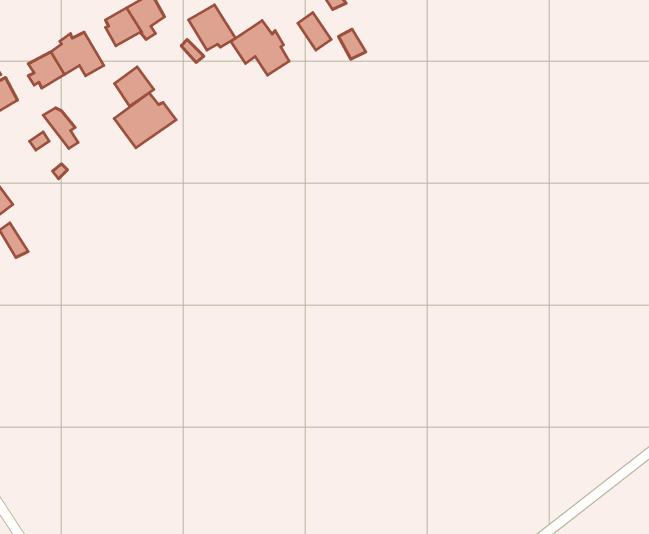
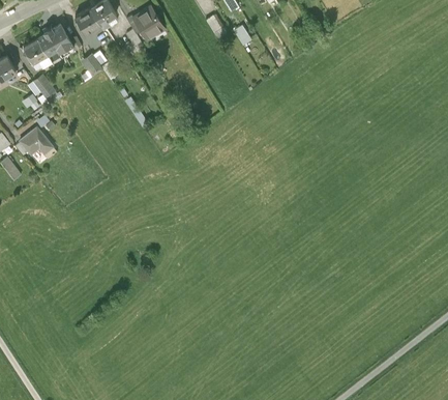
building: [231,21,289,75] -> none
building: [114,93,176,148] -> none
building: none -> [18,128,52,156]

